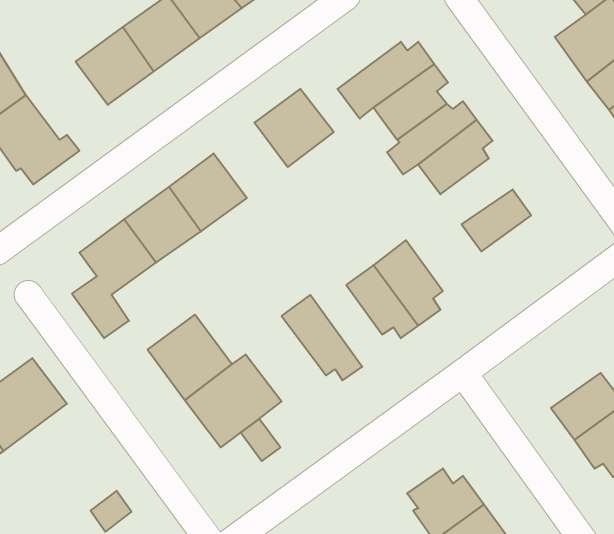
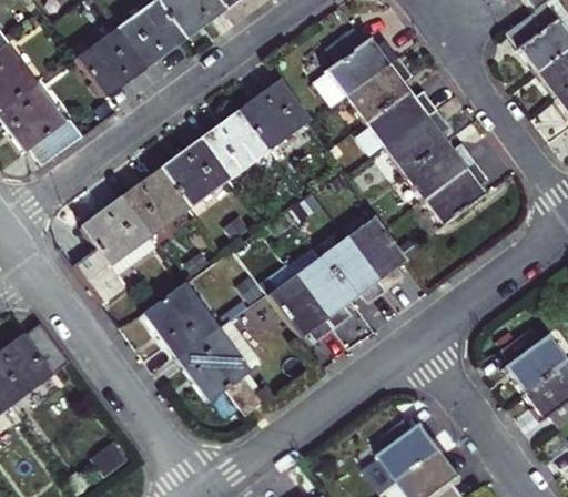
building: none -> [201,110,267,178]
building: none -> [404,142,477,201]
building: none -> [287,245,353,328]

